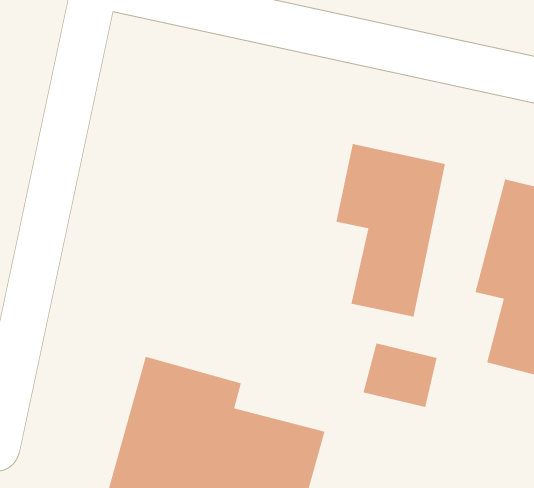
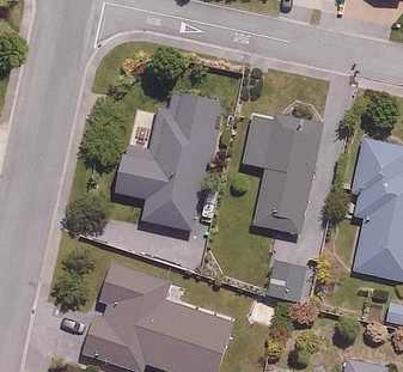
building: none -> [120,87,220,231]

